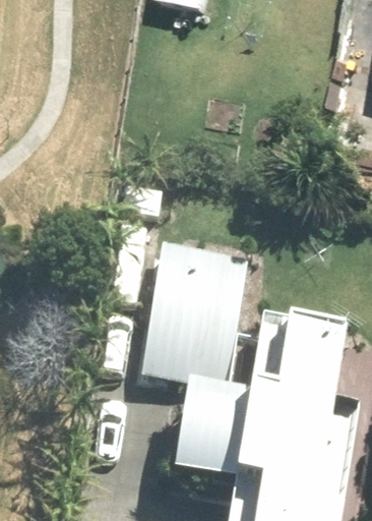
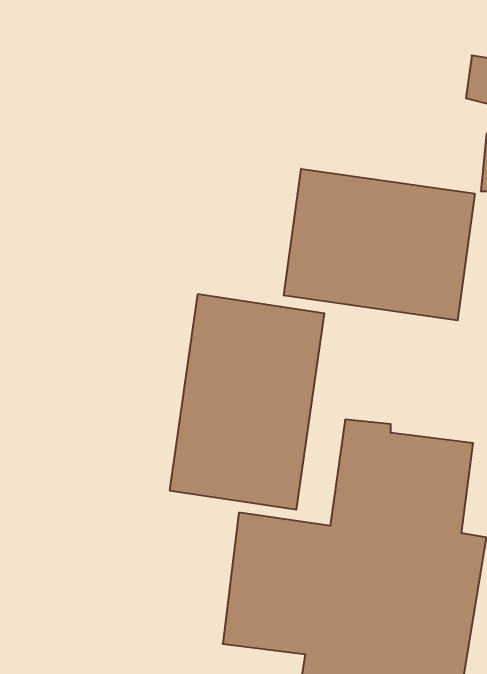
building: none -> [284,169,475,320]

